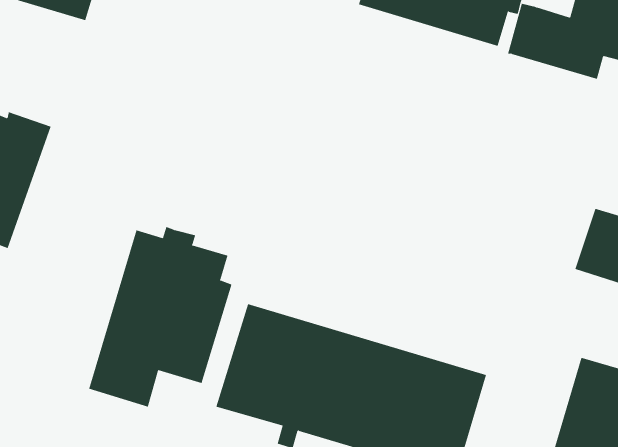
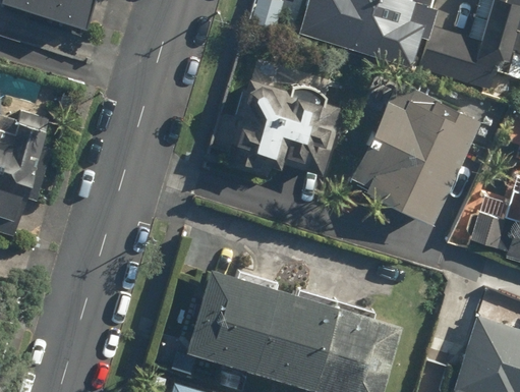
building: none -> [221,77,344,178]
building: none -> [348,77,480,224]
building: [88,226,232,408] -> none

